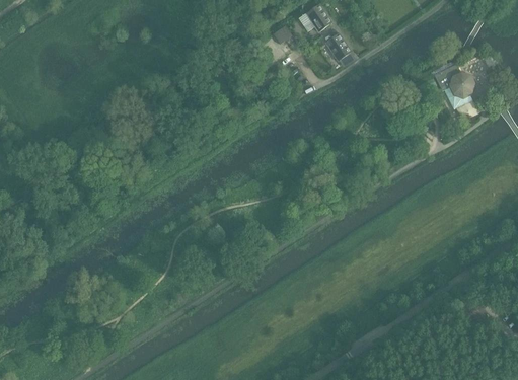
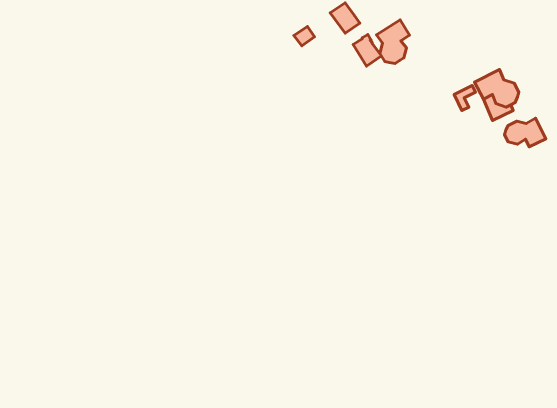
building: none -> [376,20,409,63]
building: none -> [504,118,546,147]

